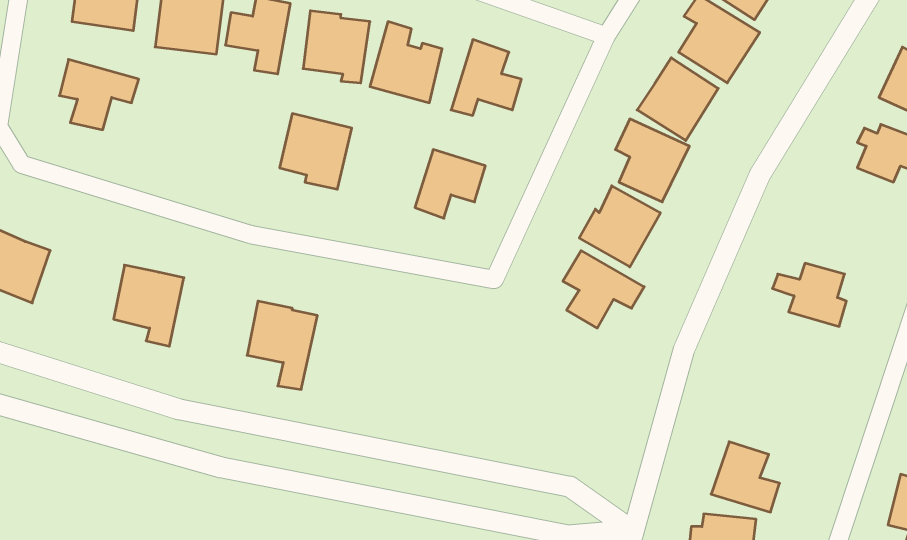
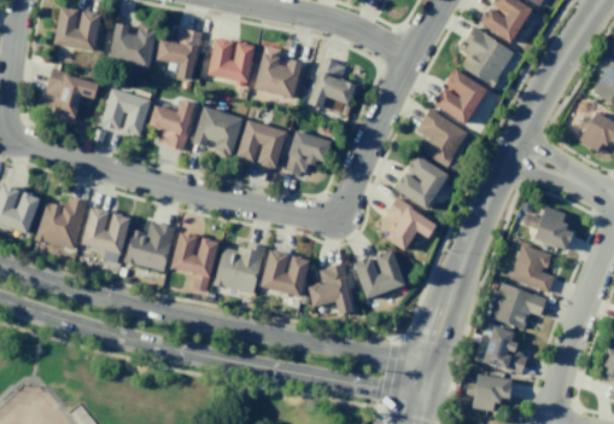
building: none -> [100,87,151,137]
building: none -> [148,100,195,150]
building: none -> [236,120,287,168]
building: none -> [35,197,86,249]
building: none -> [124,221,175,271]
building: none -> [215,243,264,294]
building: none -> [510,244,554,292]
building: none -> [353,249,404,298]
building: none -> [261,250,309,296]
building: none -> [308,263,353,313]
building: none -> [490,283,546,330]

